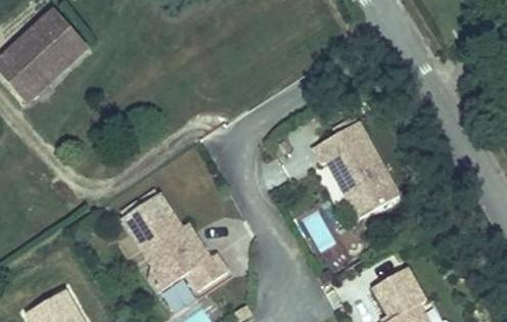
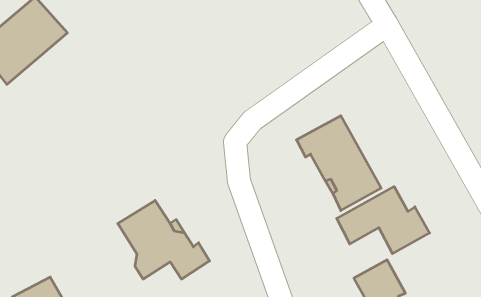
building: none -> [337,187,430,254]

